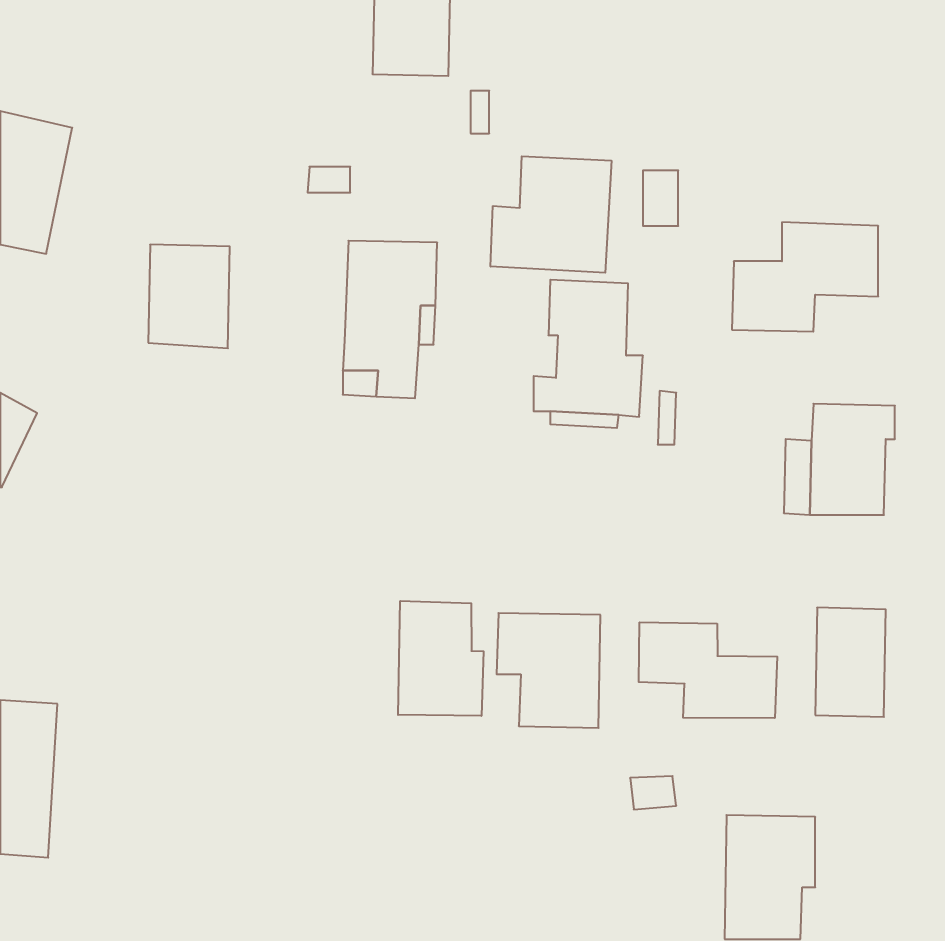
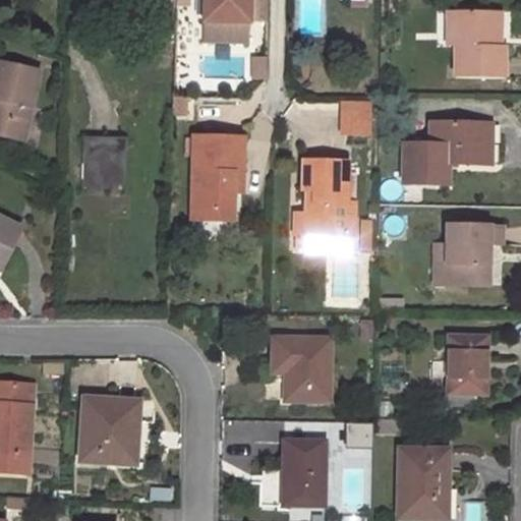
building: none -> [454,10,503,76]
building: [491,156,611,273] -> none
building: [398,601,484,716] -> none
building: [639,622,777,718] -> none
building: none -> [79,398,139,462]
building: none -> [283,441,326,505]

